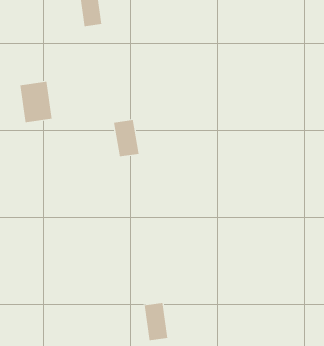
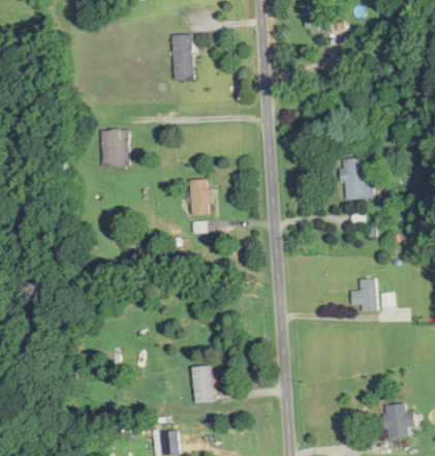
building: none -> [341,158,374,199]
building: none -> [350,278,376,309]

